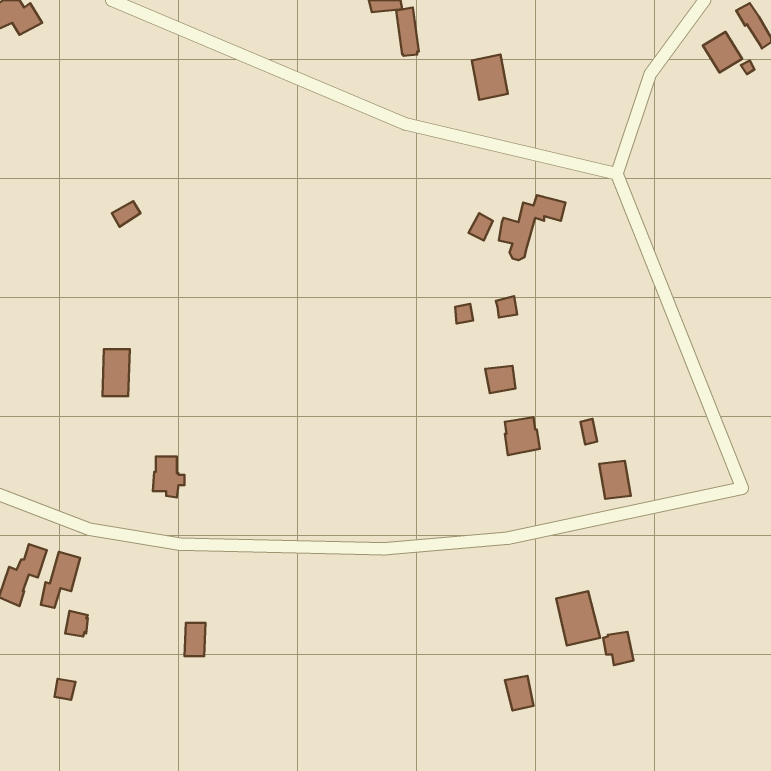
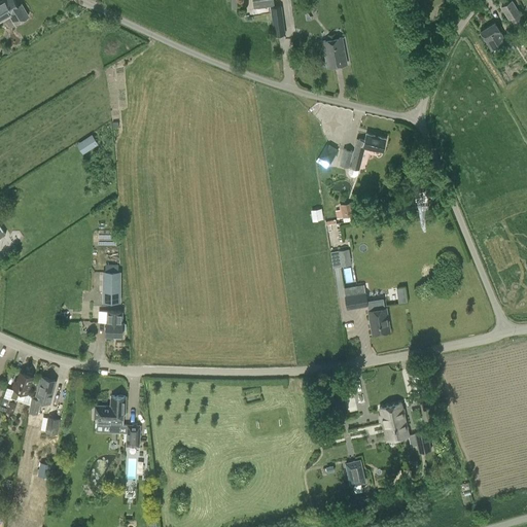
building: [102,349,130,396] -> [102,272,120,304]
building: [599,461,631,499] -> [367,309,389,335]
building: none -> [93,396,125,427]

